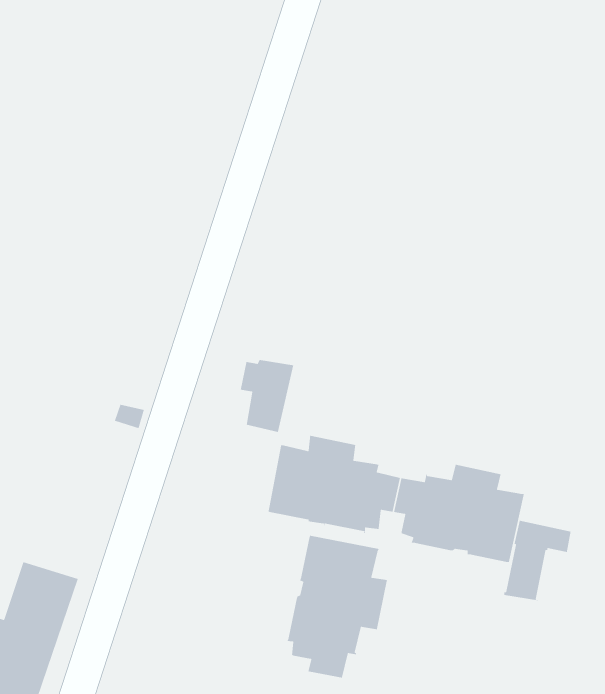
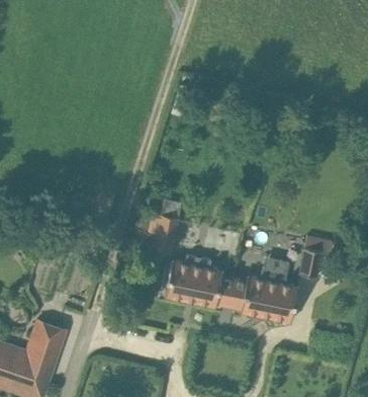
building: [504,520,572,601] -> [299,235,335,277]
building: [286,535,388,679] -> none

